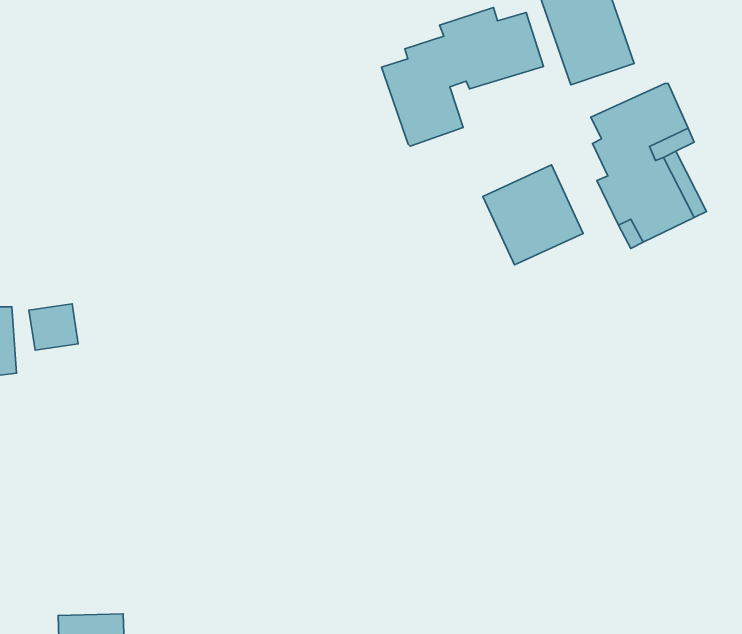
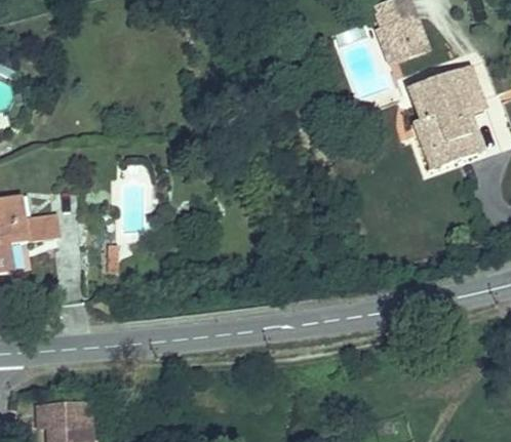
building: [381,8,543,146] -> none
building: [483,165,583,265] -> none

